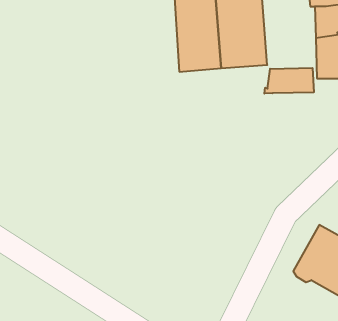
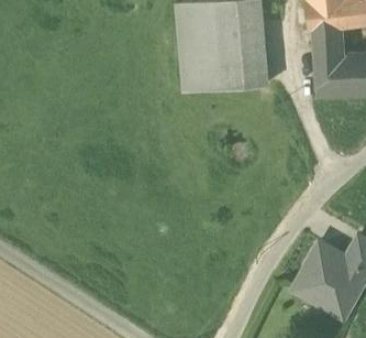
building: [264,68,314,94] -> none

